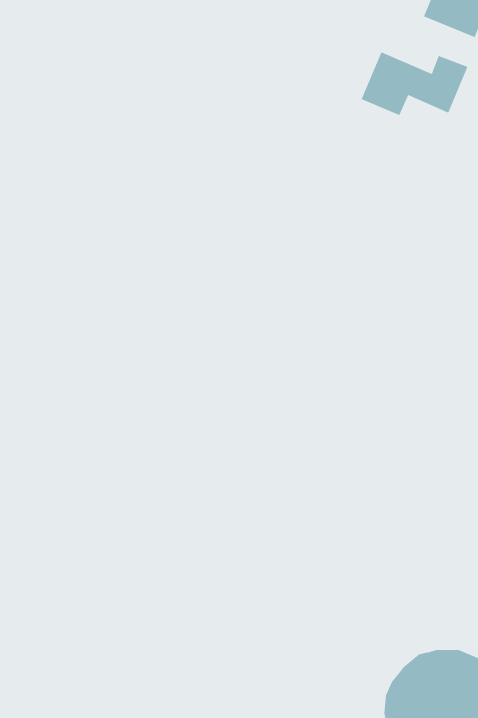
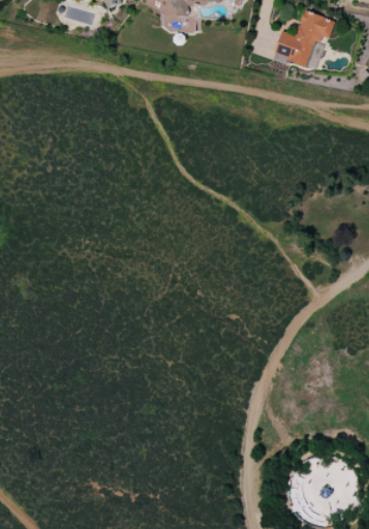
building: [361,52,468,116] -> none

